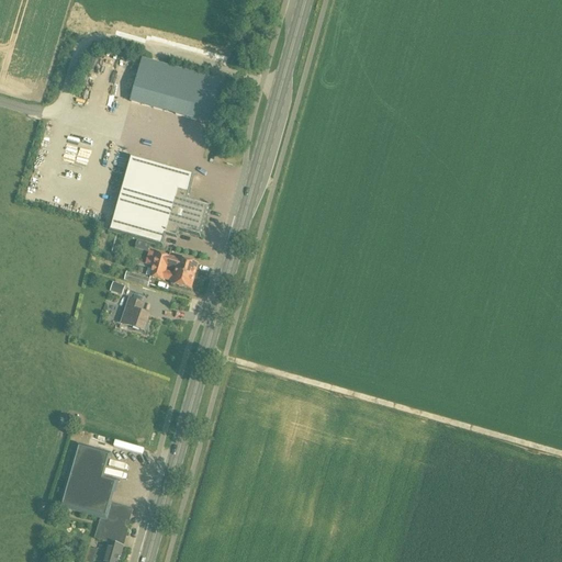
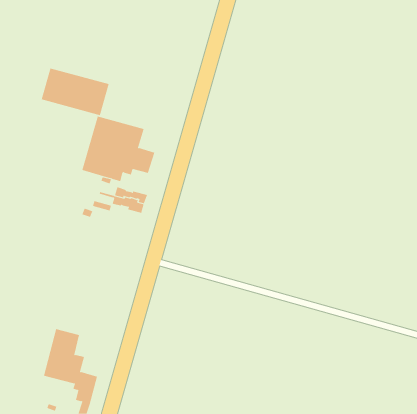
building: [128,56,221,121] -> [41,68,109,116]
building: [122,297,150,329] -> none

